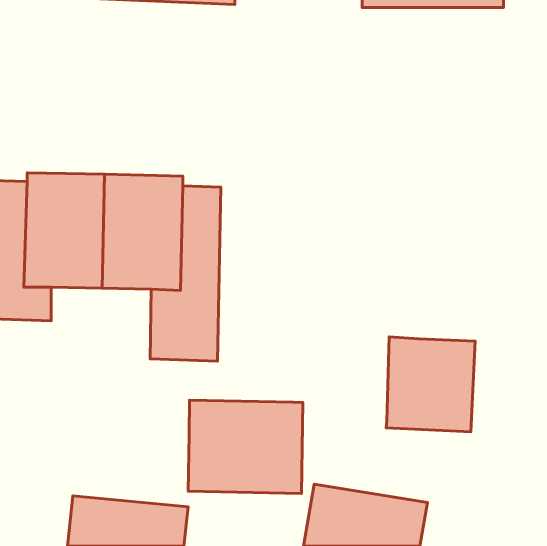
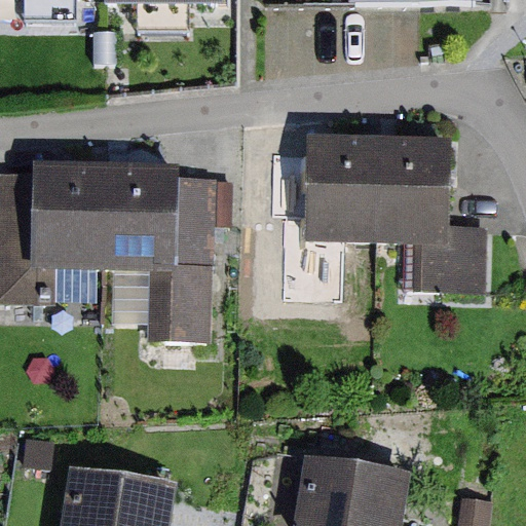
building: none -> [308,133,485,291]
building: [386,337,475,432] -> none
building: [188,400,303,493] -> none

